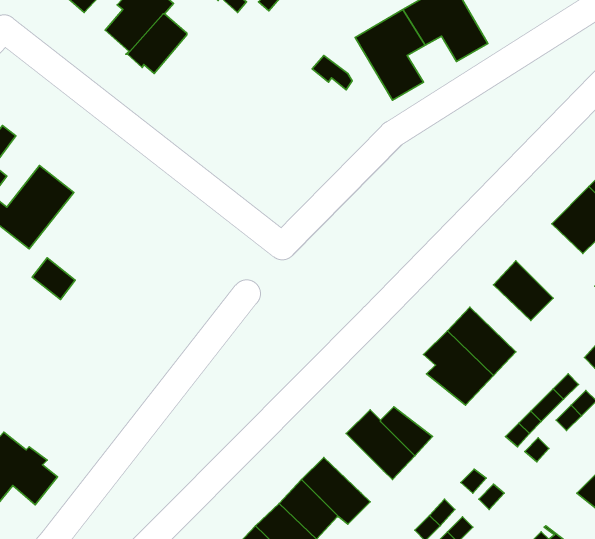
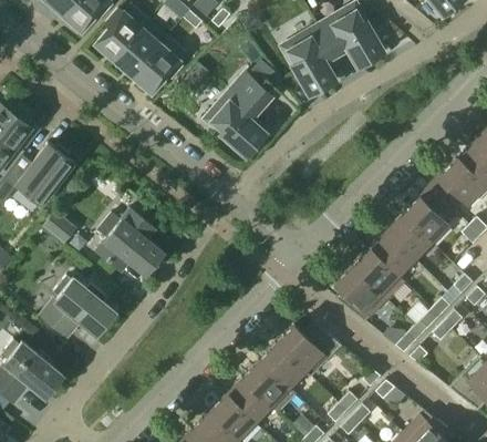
building: none -> [134,37,185,91]
building: none -> [207,74,270,154]
building: none -> [403,186,453,241]
building: none -> [96,208,163,273]
building: none -> [369,232,414,281]
building: none -> [42,277,114,336]
building: none -> [260,342,304,387]

